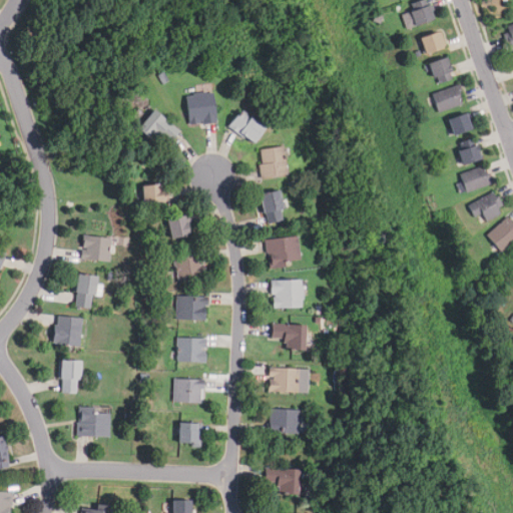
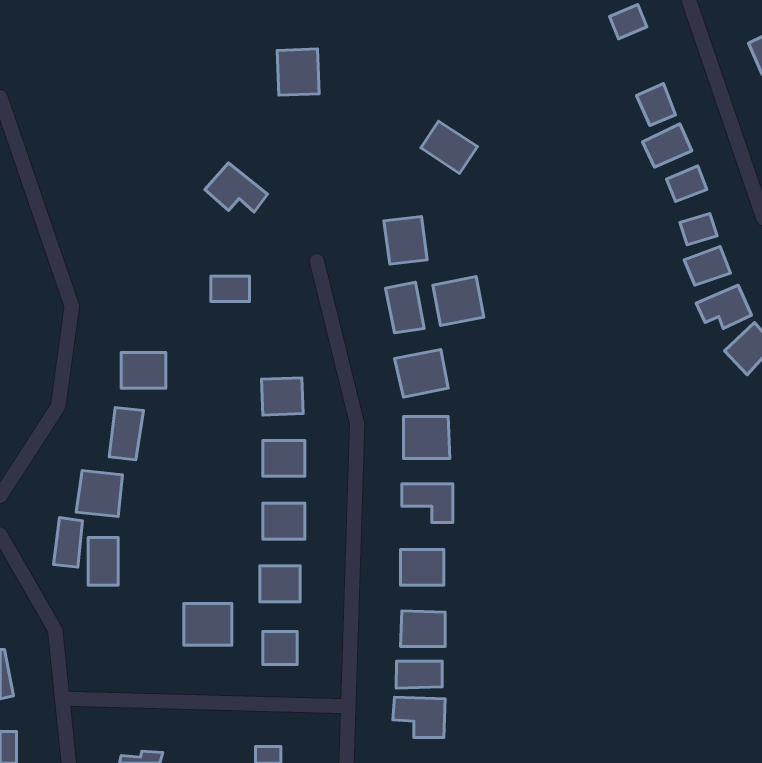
building: [420,30,447,54] -> none
building: [187,92,215,123] -> [277,49,319,95]
building: [228,108,267,143] -> [421,121,477,173]
building: none -> [433,277,484,326]
building: [167,214,189,238] -> none
building: none -> [54,518,83,567]
building: [78,409,110,437] -> [184,603,232,645]
building: none -> [396,661,442,688]

